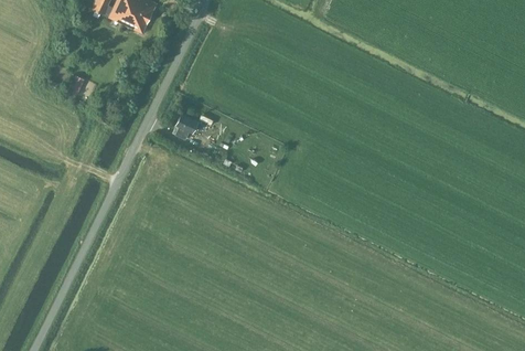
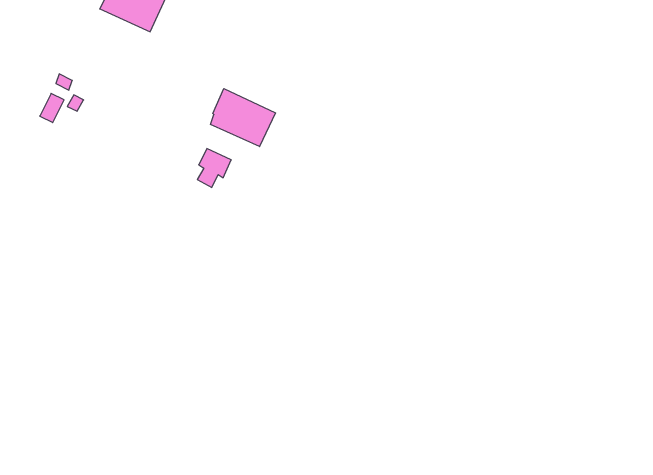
building: none -> [211,89,275,147]

